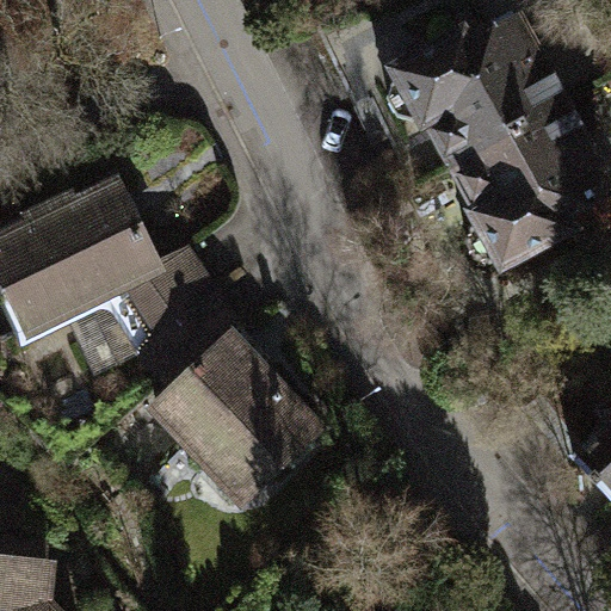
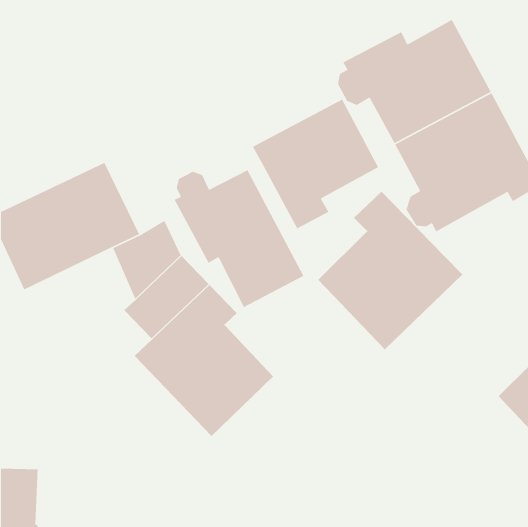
building: none -> [252,98,379,229]
building: none -> [174,169,304,308]
building: none -> [317,191,463,350]

